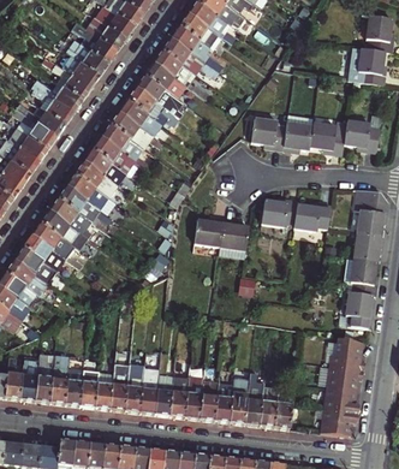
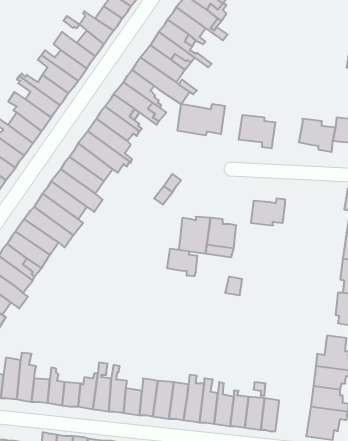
building: none -> [178,104,225,135]
building: [285,123,315,153] -> none
building: [294,206,332,232] -> none
building: none -> [167,249,197,276]

